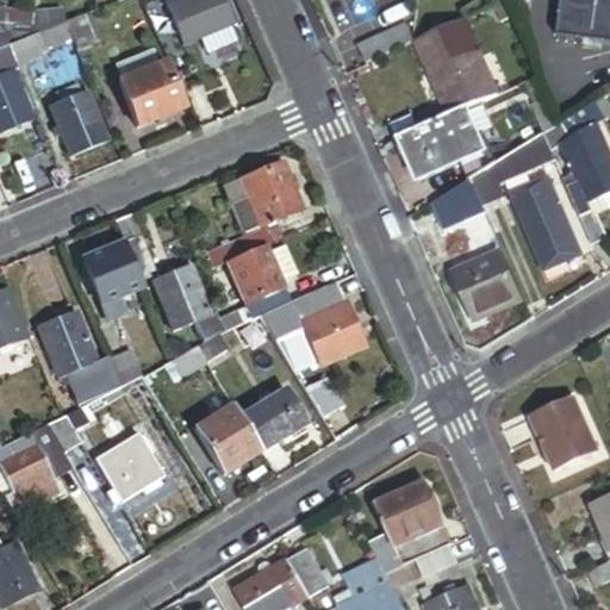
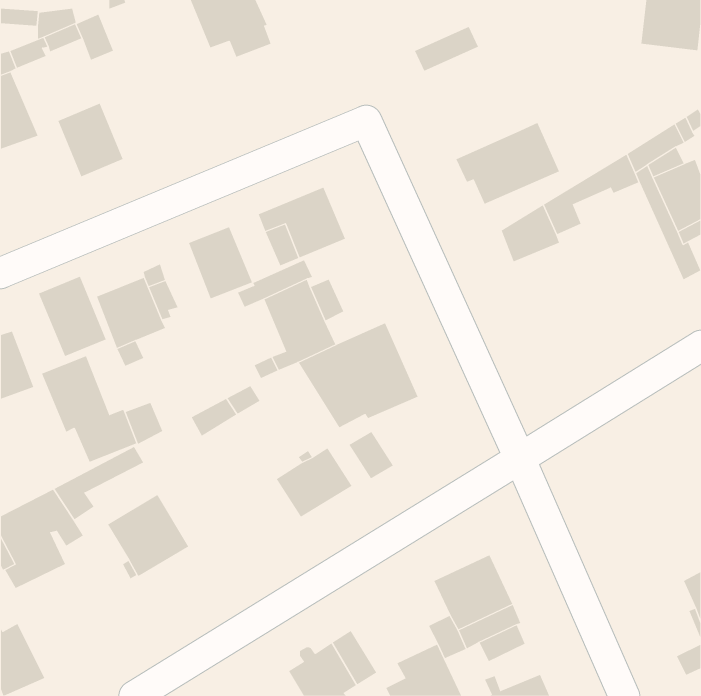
building: [422,19,496,113] -> none
building: [118,60,185,125] -> none
building: [511,175,583,269] -> none
building: none -> [38,276,107,357]
building: [459,259,519,319] -> none
building: [155,264,211,328] -> [188,226,253,299]
building: [533,397,600,471] -> none
building: [195,404,261,473] -> none

